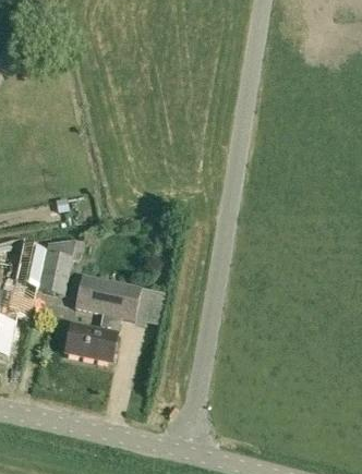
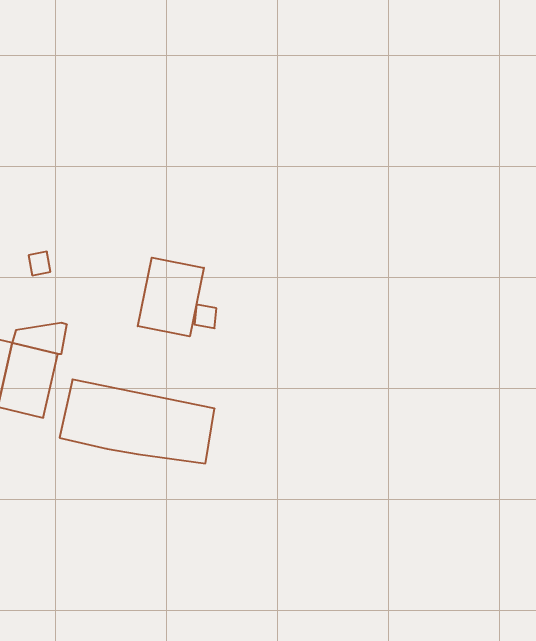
building: none -> [138,258,204,336]
building: [65,314,121,361] -> none

